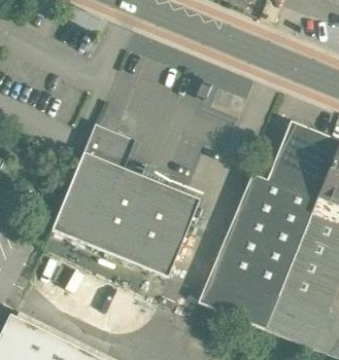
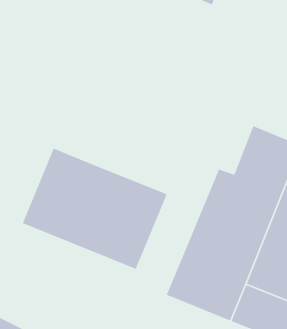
building: [83,122,135,168] -> none

